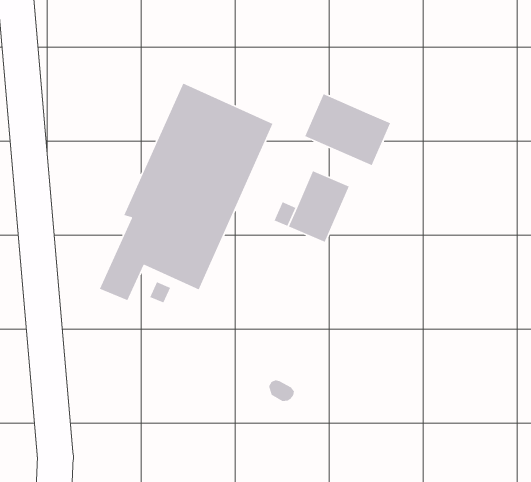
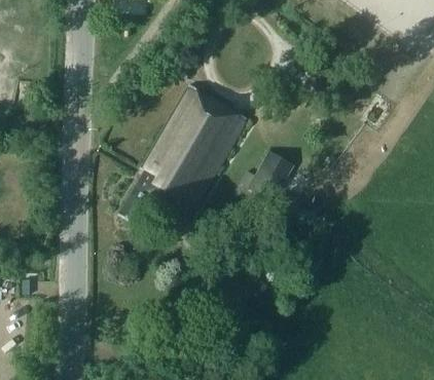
building: [304,93,391,166] -> none

